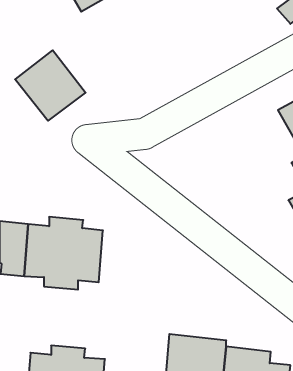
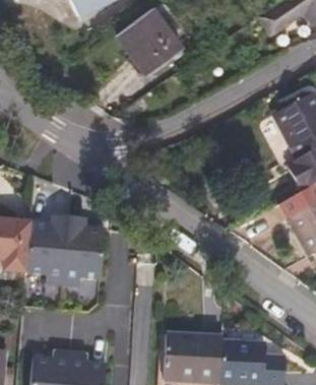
building: [15,50,86,121] -> [111,17,180,86]

